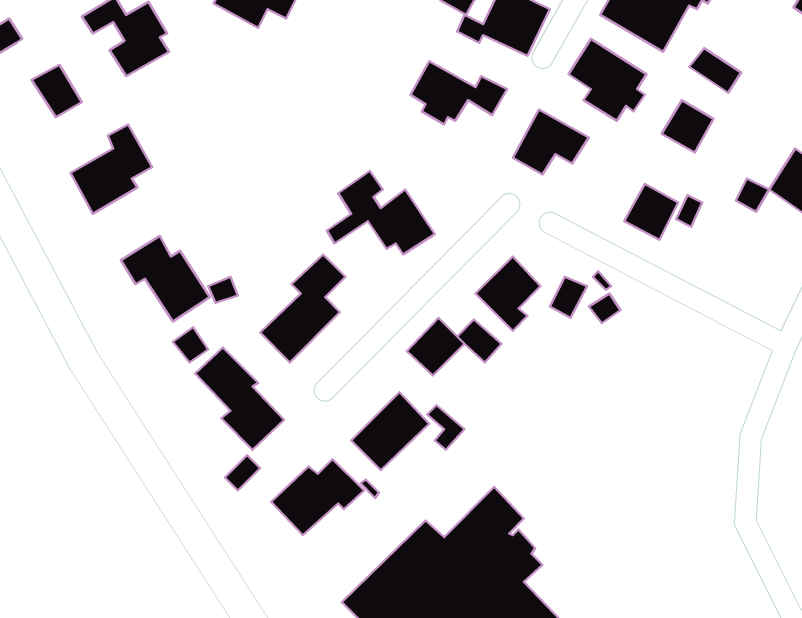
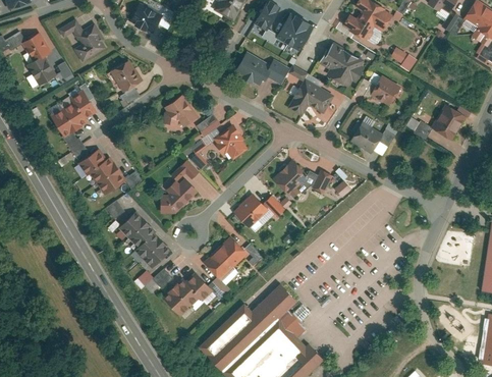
building: none -> [20,32,49,62]
building: none -> [111,61,142,92]
building: none -> [162,95,198,130]

